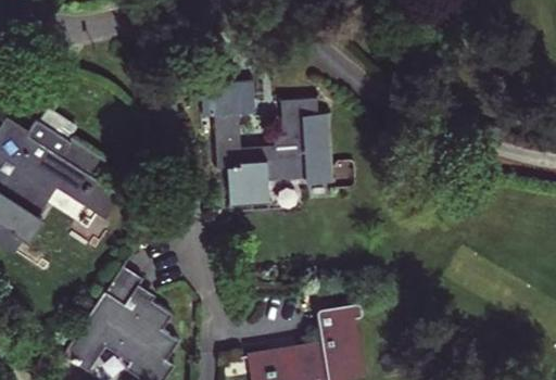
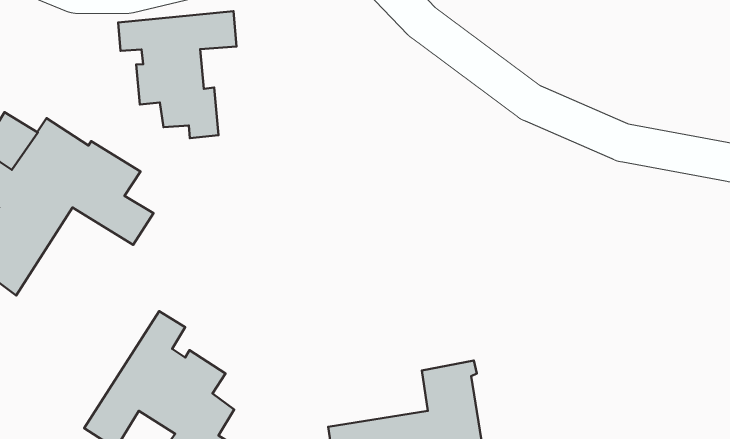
building: none -> [118,11,237,138]
building: [201,81,334,205] -> none

